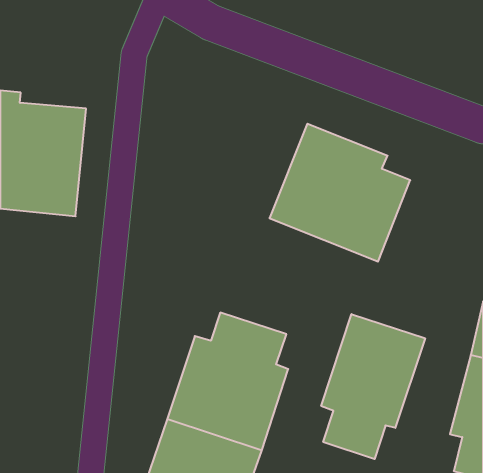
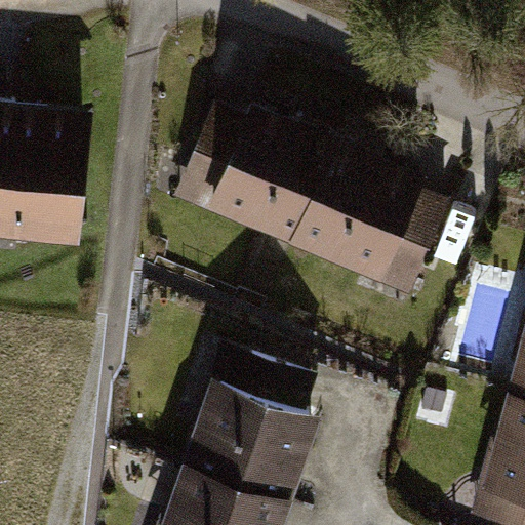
building: none -> [185,114,333,247]
building: [321,314,425,459] -> none

